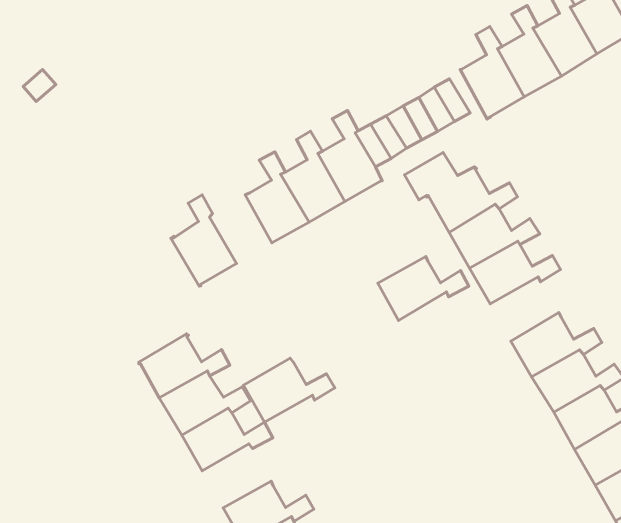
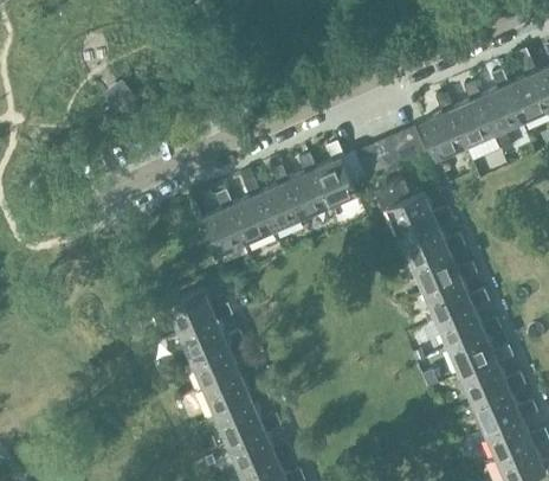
building: none -> [228,179,271,244]
building: [378,256,469,321] -> [422,278,487,322]
building: [244,358,335,422] -> [202,374,267,418]

